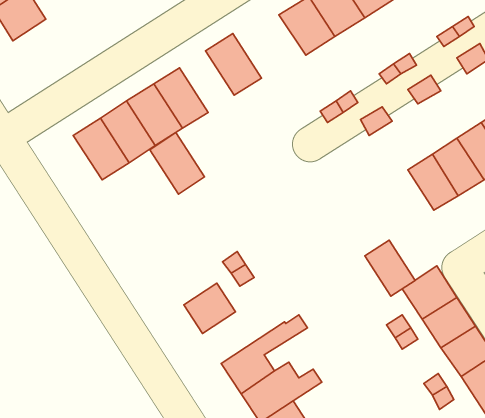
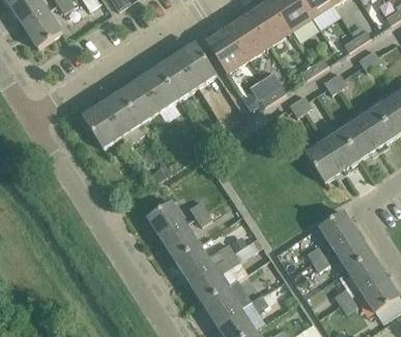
building: none -> [208,28,249,72]
building: [150,132,205,194] -> [157,54,197,99]
building: [365,240,415,296] -> [305,140,341,180]
building: none -> [146,199,184,237]
building: none -> [174,242,233,280]

